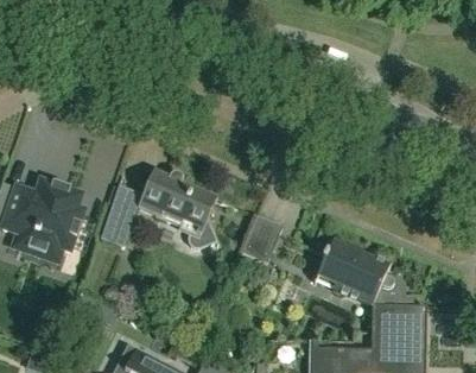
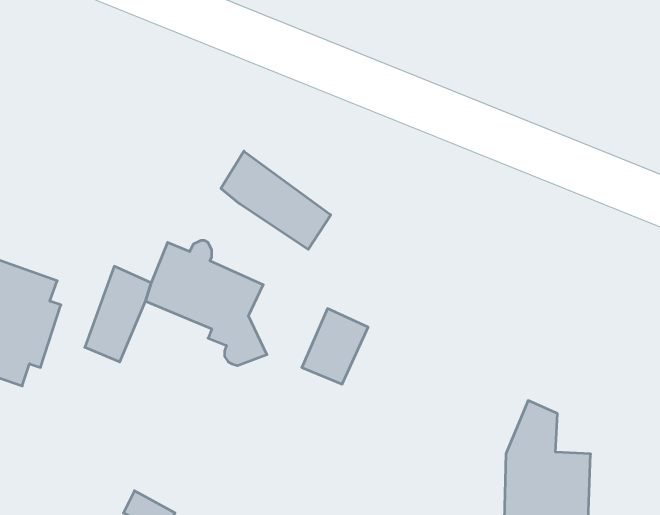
building: none -> [221,151,331,249]
building: [312,236,388,304] -> none

